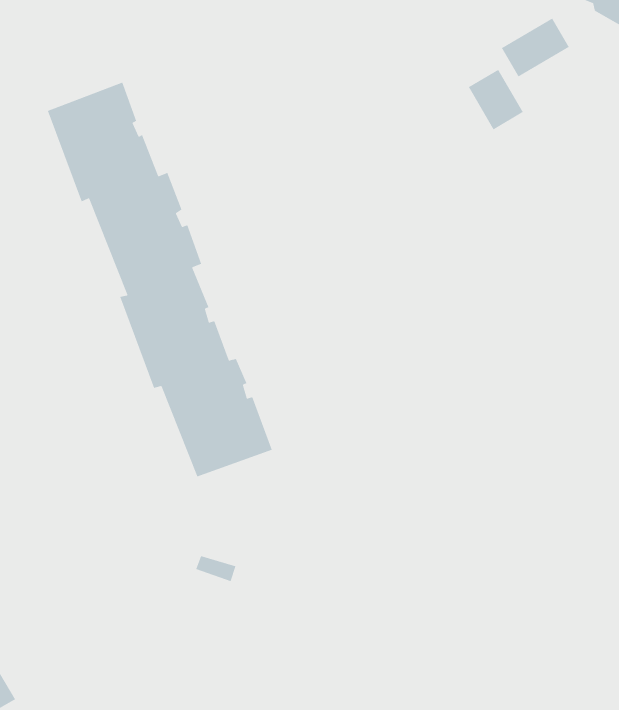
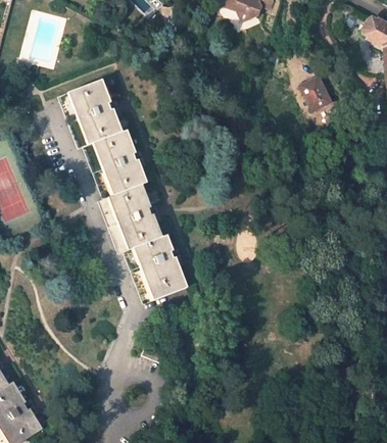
building: [501,18,570,78] -> none

